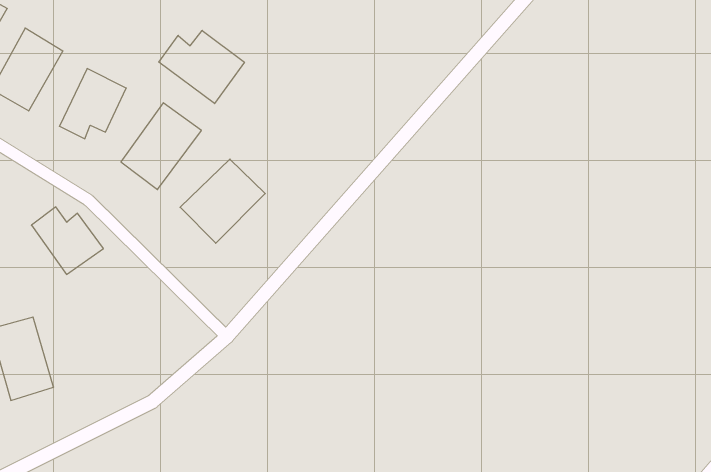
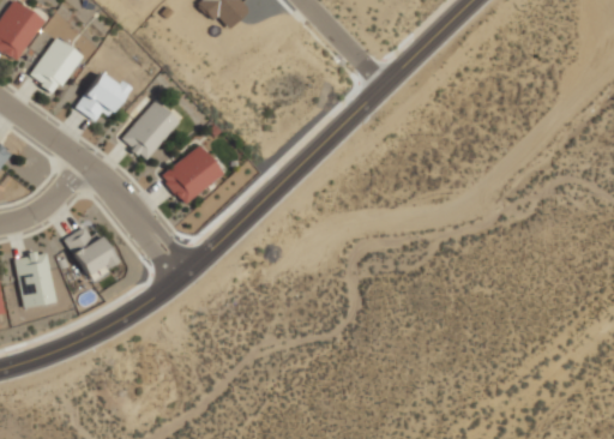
building: [159,30,244,104] -> none
building: [31,207,103,274] -> [65,227,116,277]

